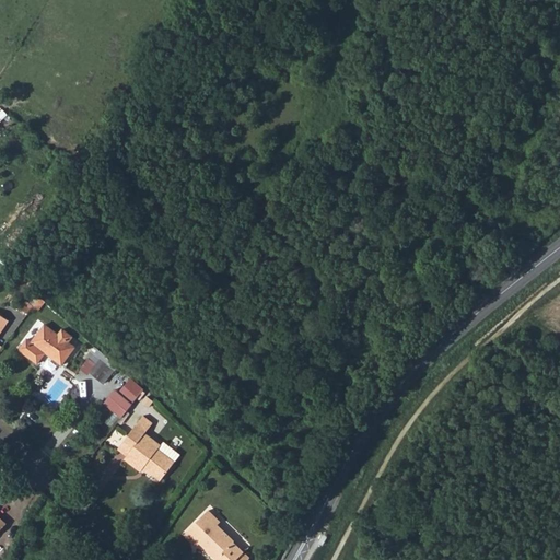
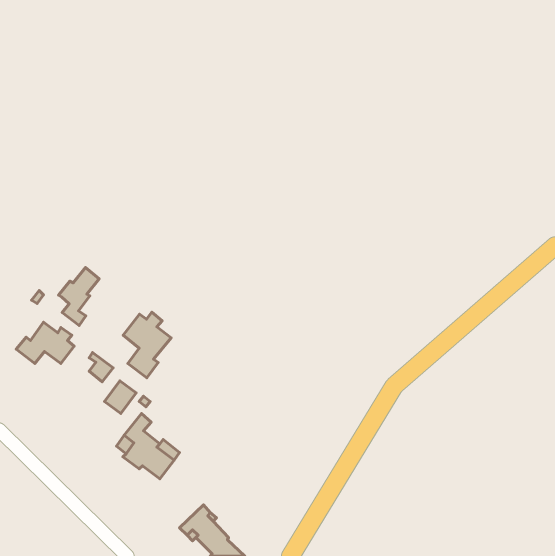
building: none -> [58,268,99,326]
building: none -> [123,312,171,378]

